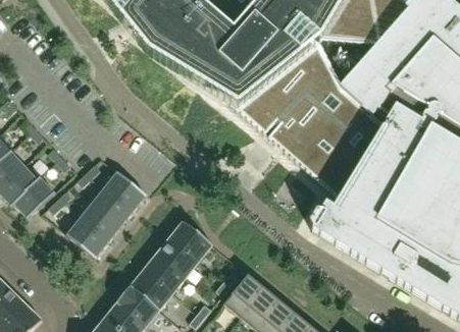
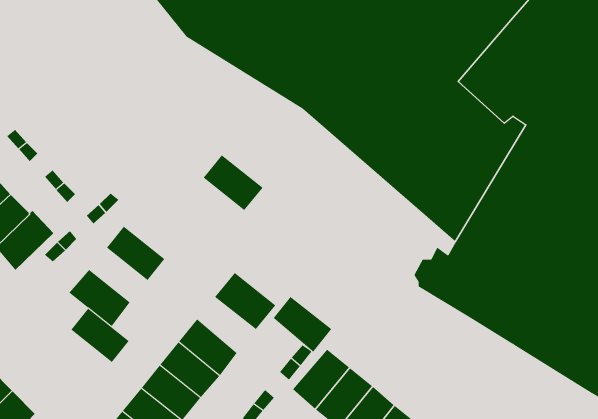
building: [104,170,147,210] -> [203,154,263,211]
building: [80,202,121,240] -> [70,308,130,363]
building: [156,236,198,276] -> [273,296,332,352]

